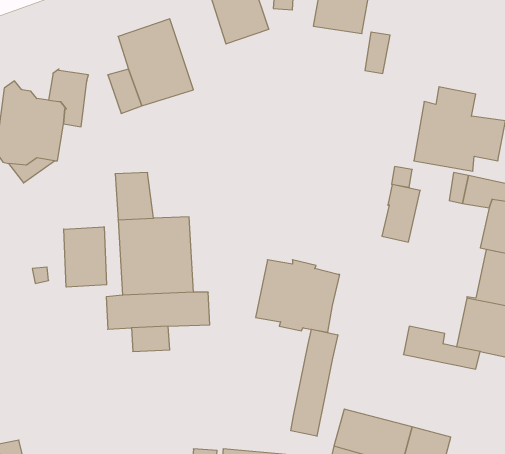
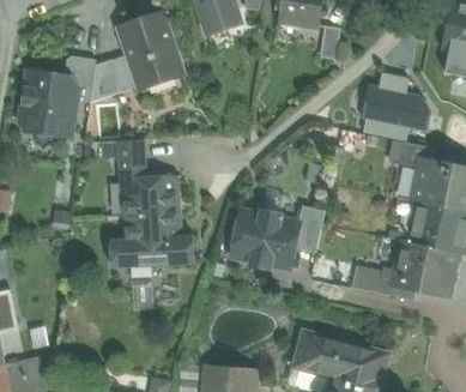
building: none -> [90,61,122,103]
building: [382,184,420,242] -> [293,206,325,253]
building: [64,227,107,287] -> none
building: [291,329,338,436] -> none

